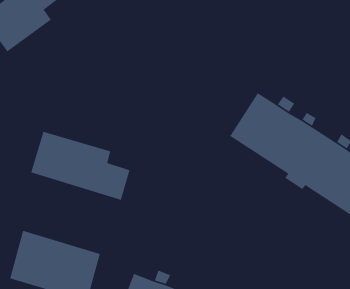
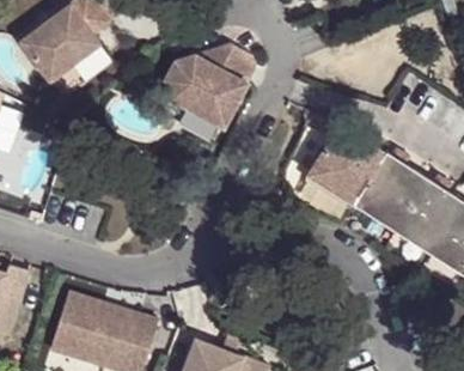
building: none -> [160,44,254,126]
building: [30,131,130,201] -> none

